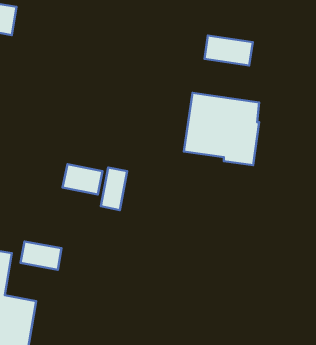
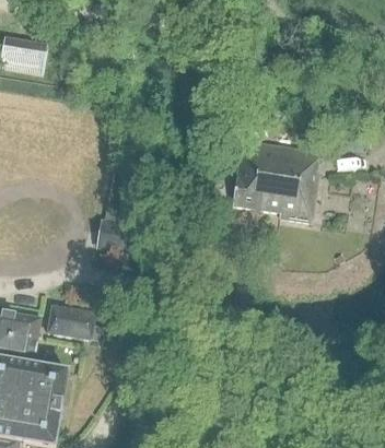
building: [204,35,253,66] -> none
building: [101,167,127,210] -> none

